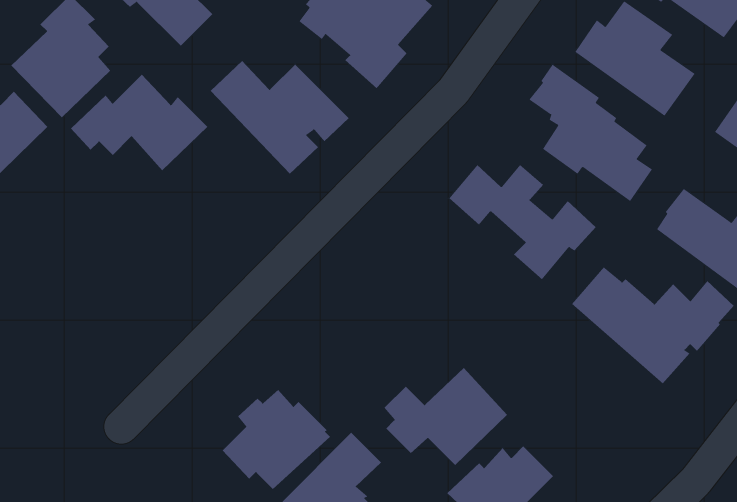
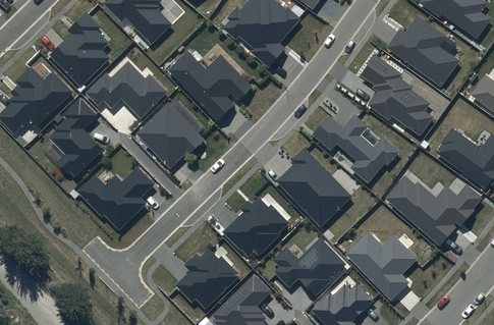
building: none -> [50,99,103,177]
building: none -> [135,103,205,169]
building: none -> [278,148,353,226]
building: none -> [77,167,154,230]
building: none -> [223,198,290,257]
building: none -> [345,231,418,301]

